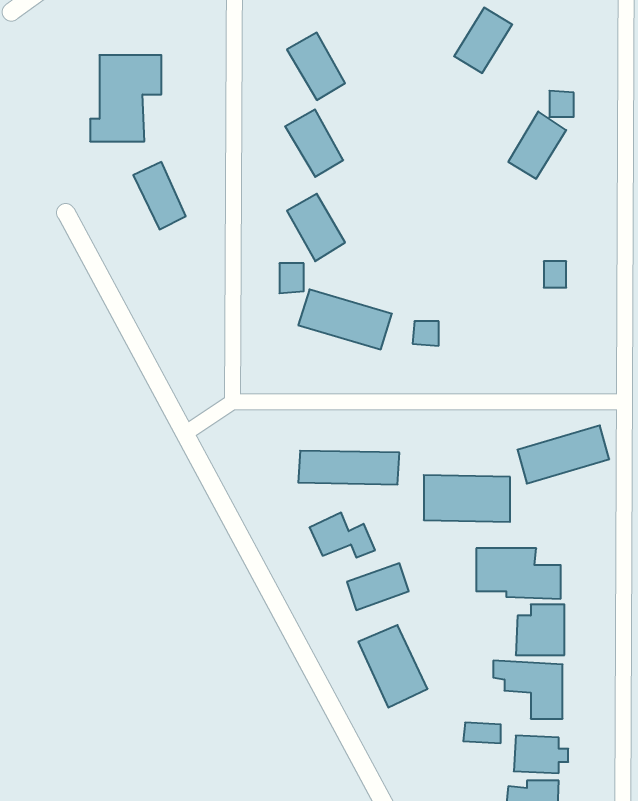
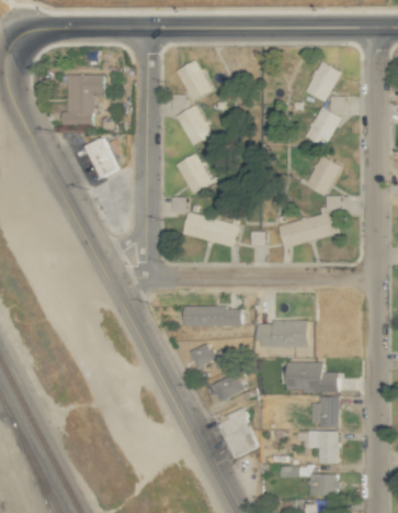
building: [454,8,512,73] -> [306,62,340,100]
building: none -> [306,157,339,197]
building: [517,425,609,484] -> [280,213,333,247]

